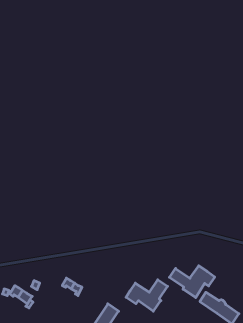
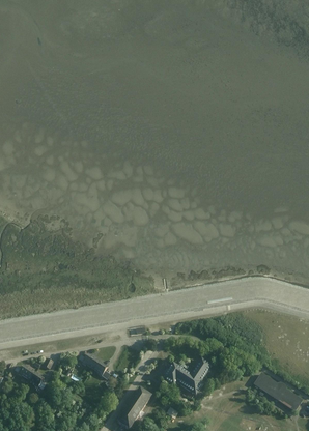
building: [169,266,215,298] -> none

